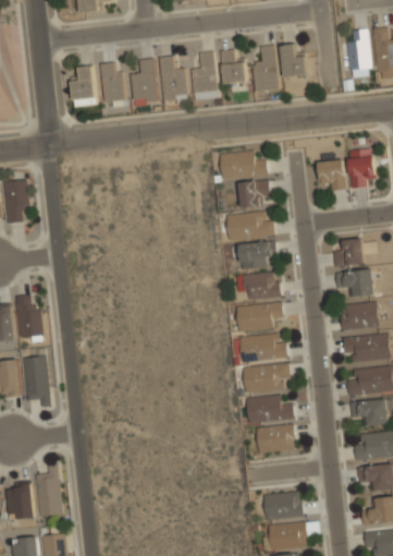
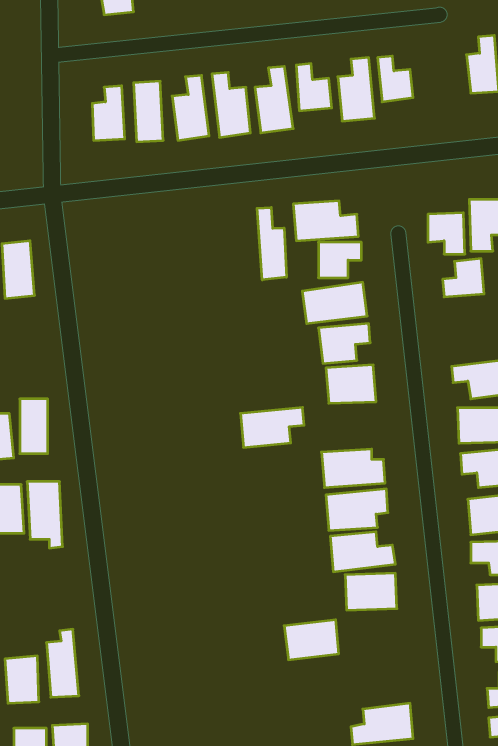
building: none -> [257,207,286,280]
building: [333,238,364,266] -> [443,259,484,297]
building: [235,302,282,331] -> [240,407,304,447]
building: [262,491,303,520] -> [284,620,339,660]

